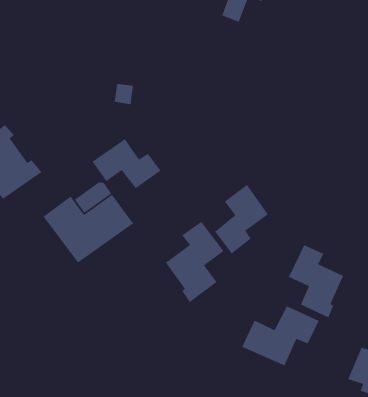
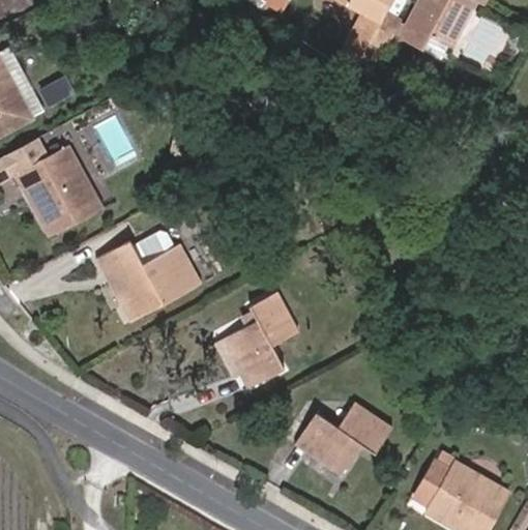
building: [91,138,161,189] -> none
building: [214,184,269,254] -> none
building: [288,244,344,318] -> none

